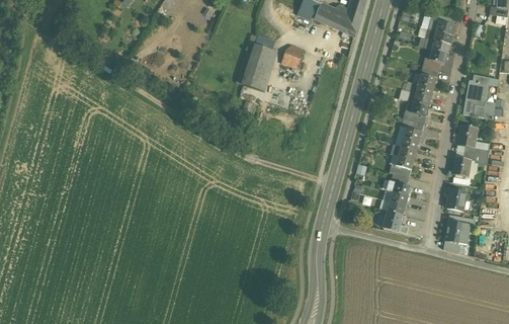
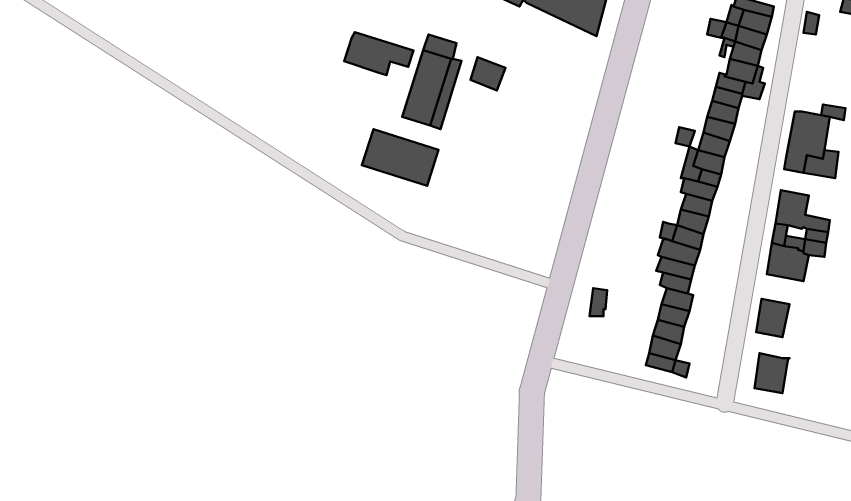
building: none -> [344,32,413,75]
building: none -> [362,129,439,186]

